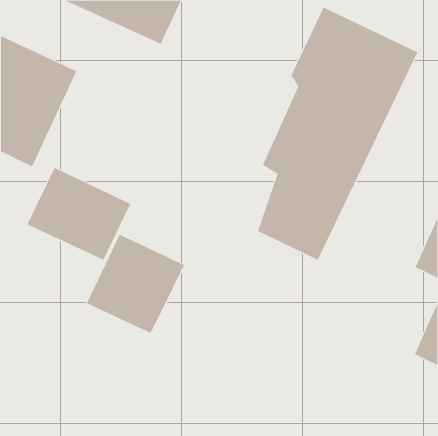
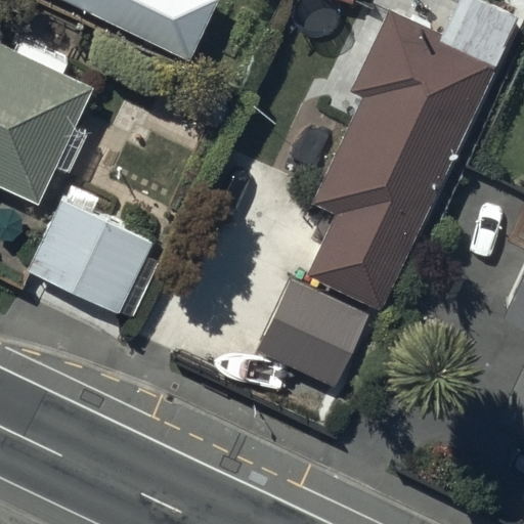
building: none -> [261,280,368,386]
building: [86,234,185,334] -> none

